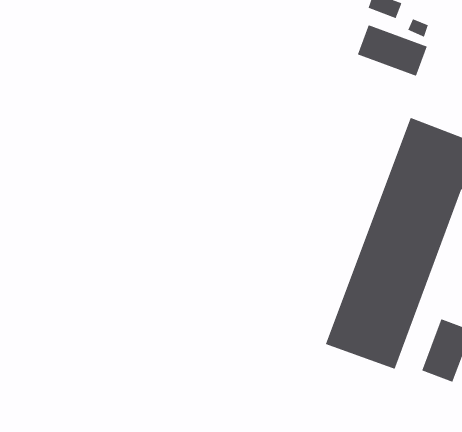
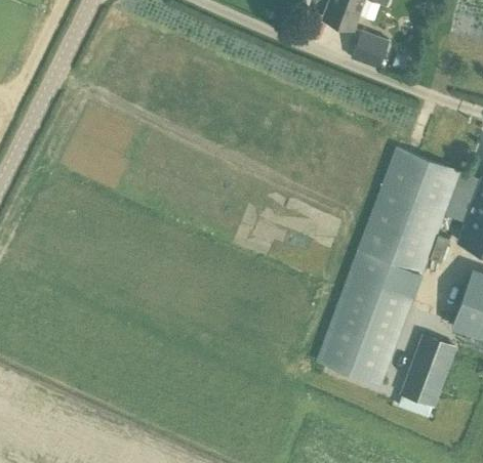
building: [357,24,428,77] -> none

